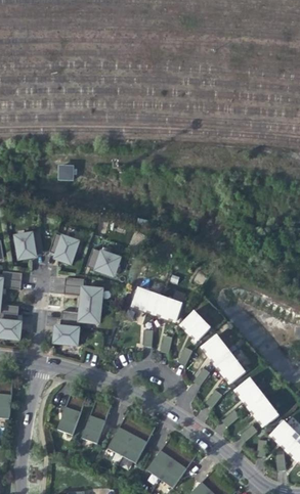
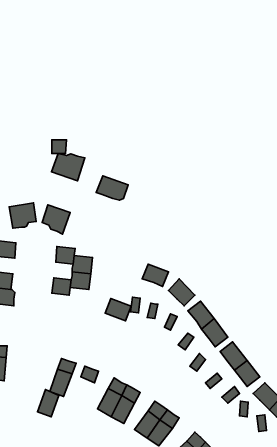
building: none -> [52,153,85,181]
building: [86,249,120,274] -> [96,176,128,200]
building: [133,287,161,311] -> [105,298,131,321]
building: [54,326,78,345] -> none
building: [82,414,104,443] -> [38,390,59,417]

